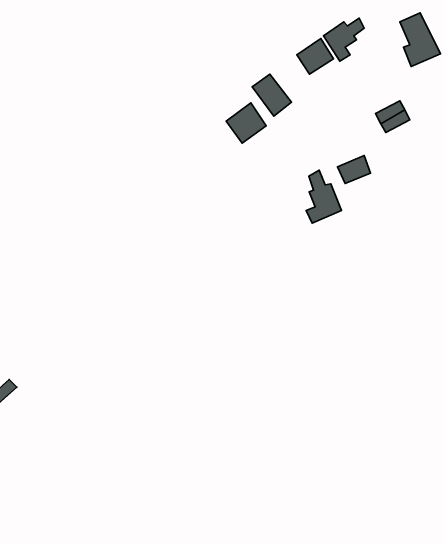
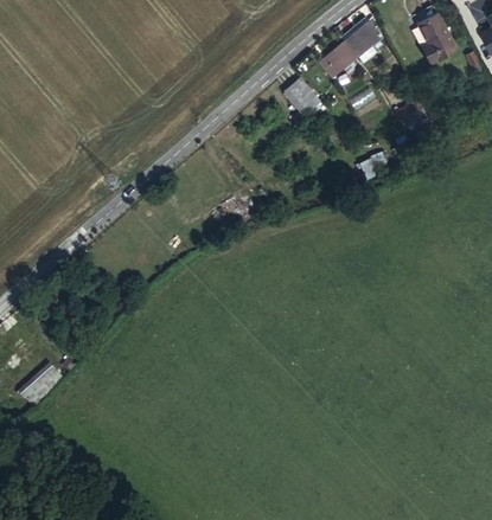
building: [226,103,266,143] -> none
building: [306,170,342,223] -> none

